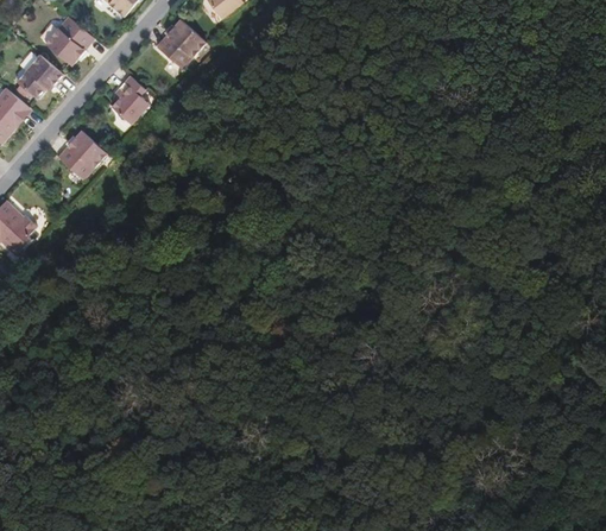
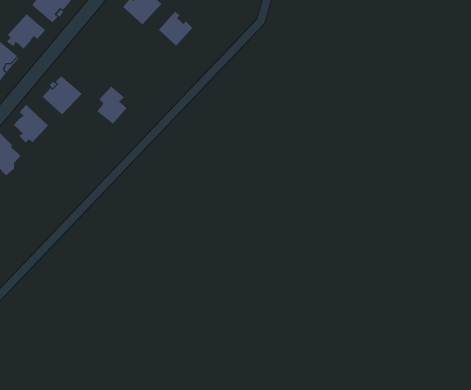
building: none -> [158,11,193,46]
building: [112,76,150,124] -> [97,86,128,125]
building: none -> [13,104,49,144]

